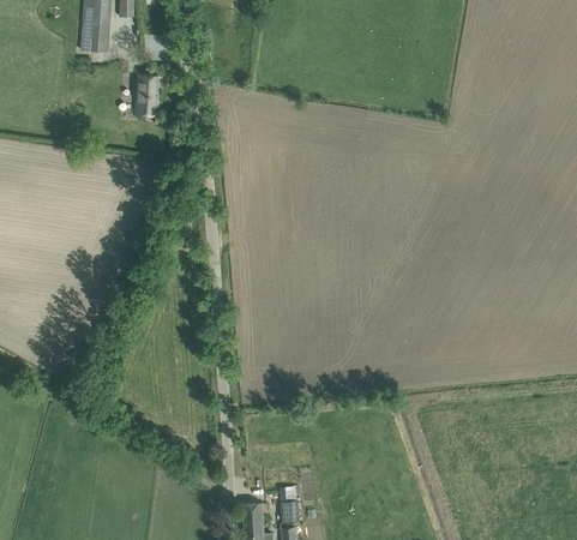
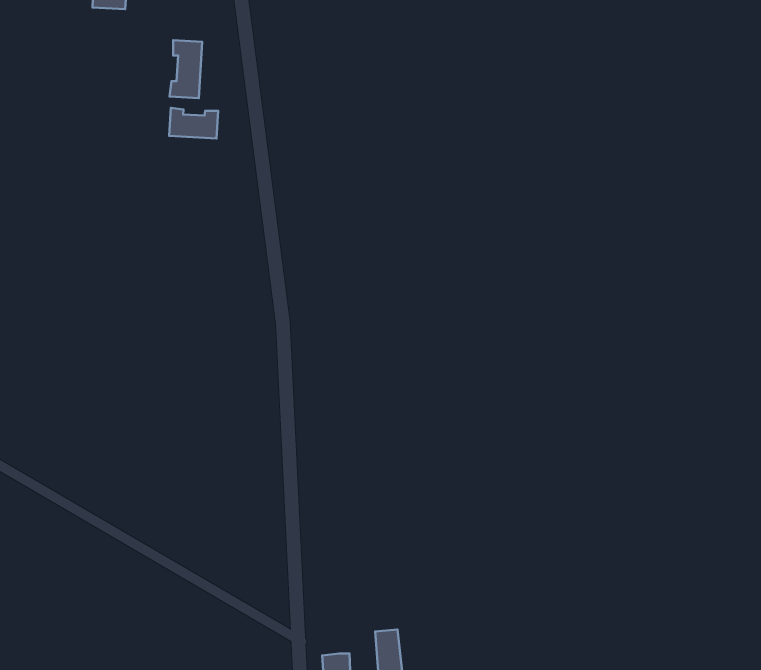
building: none -> [169,108,218,139]

